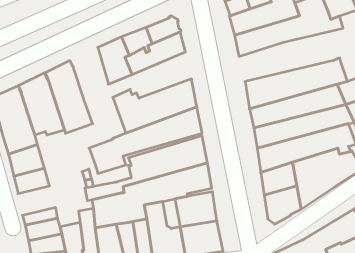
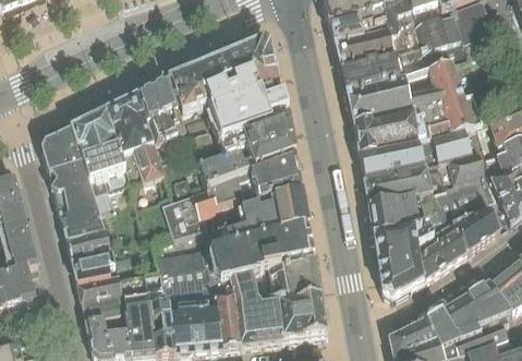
building: none -> [348,58,464,119]
building: none -> [137,77,182,141]
building: none -> [184,82,288,140]
building: none -> [72,249,117,279]

